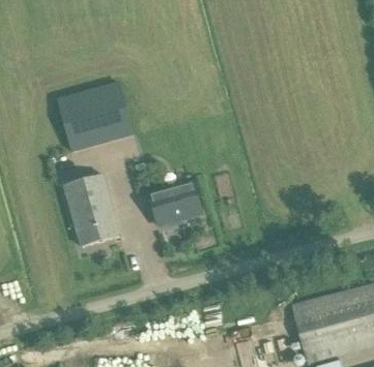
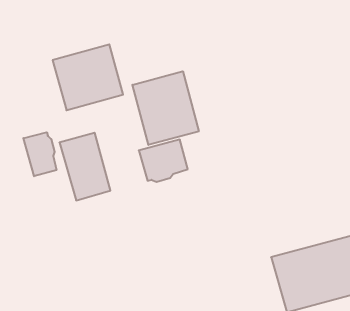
building: none -> [132,71,199,145]
building: none -> [23,132,56,176]

